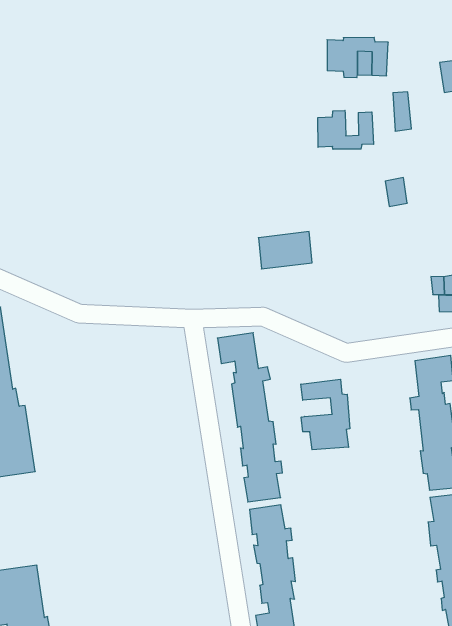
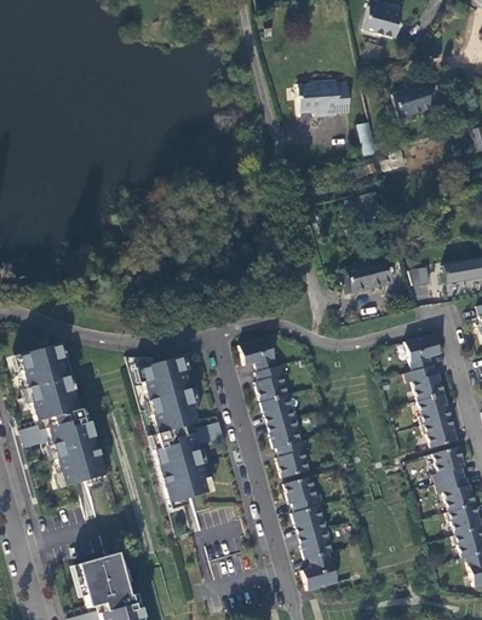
building: [318,110,374,149] -> none
building: [258,232,312,269] -> [346,258,394,294]
building: none -> [139,357,225,505]
building: [301,379,350,450] -> none

